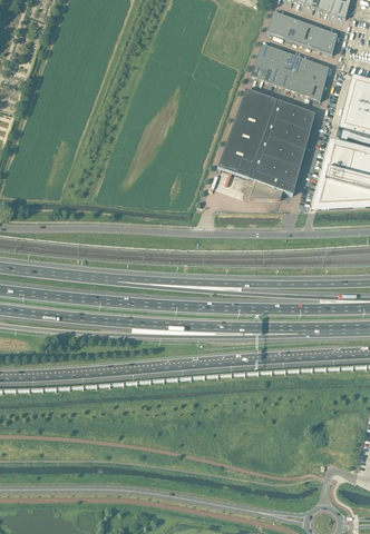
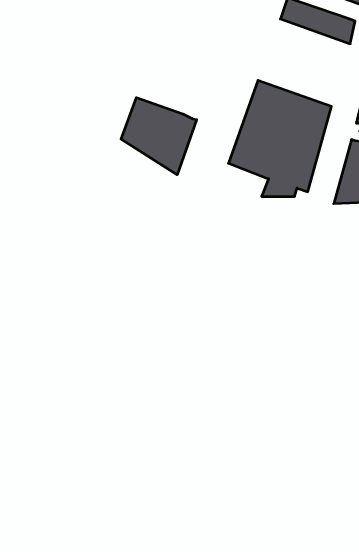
building: [251,42,330,99] -> none
building: none -> [121,98,197,175]

